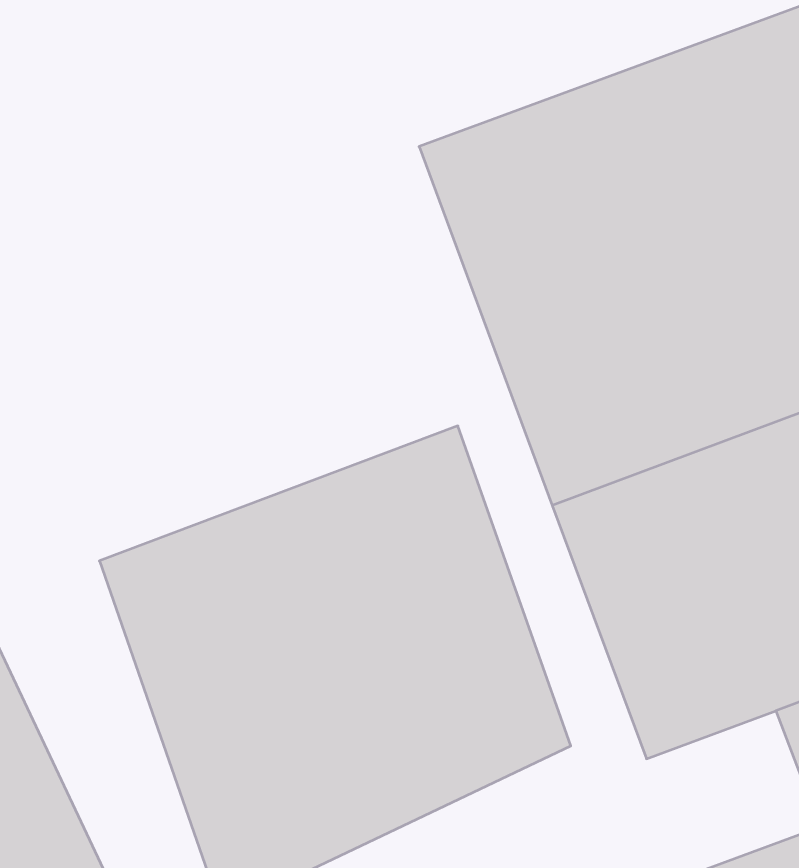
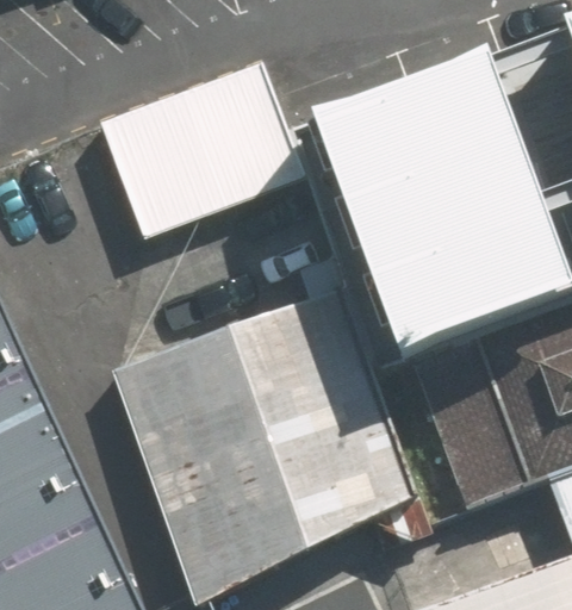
building: none -> [102,64,306,238]

